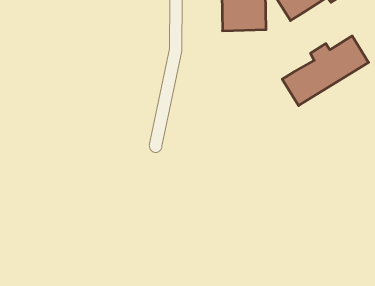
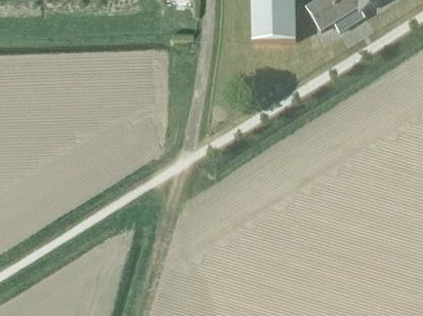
building: [282,36,369,106] -> none

